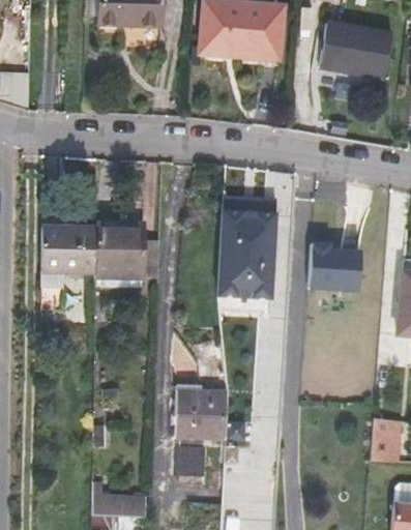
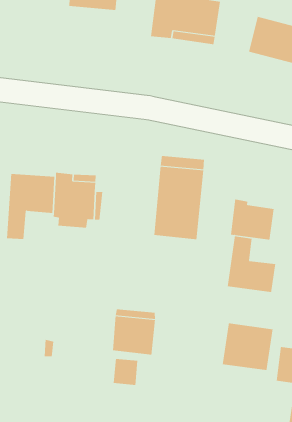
building: none -> [227,235,276,293]
building: none -> [222,323,273,371]
building: [92,489,149,517] -> none

